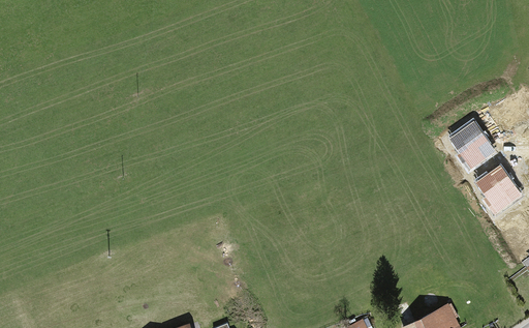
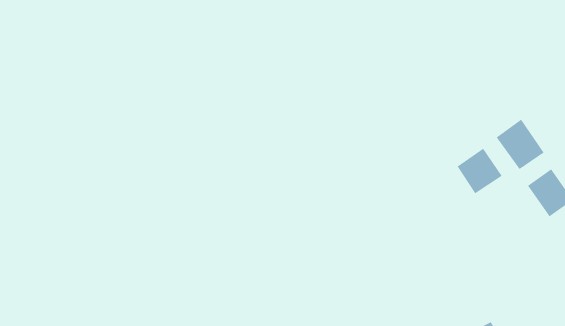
building: none -> [457,148,503,194]

